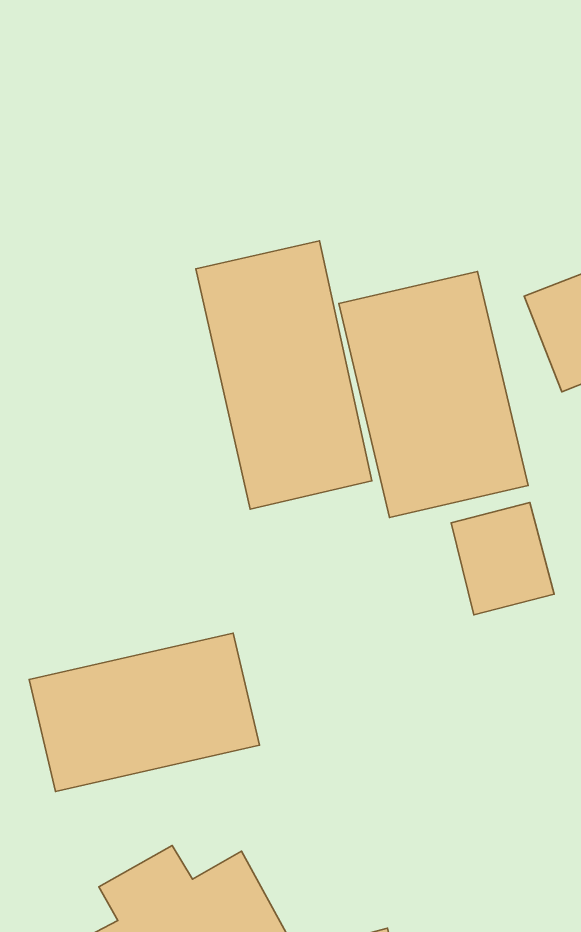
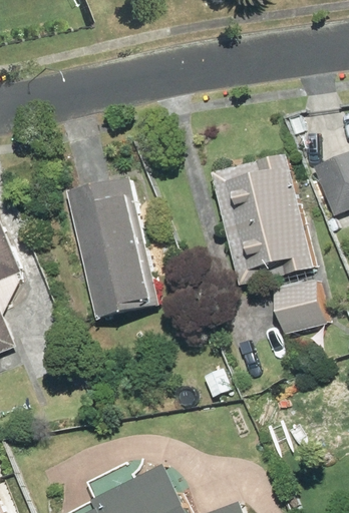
building: [196,241,372,509] -> [67,175,161,319]
building: [29,633,260,791] -> none

